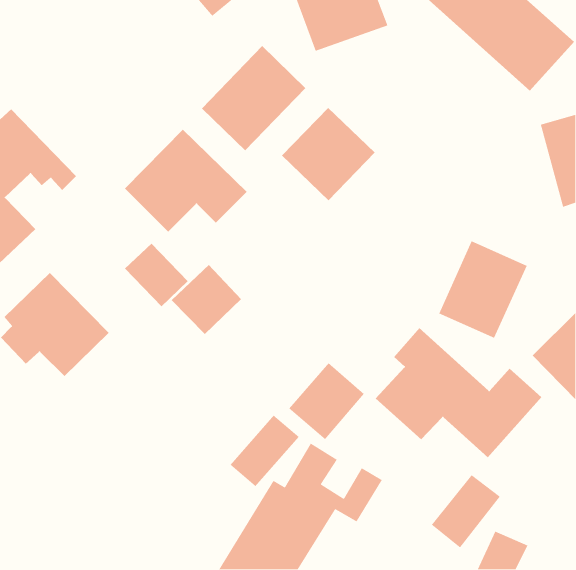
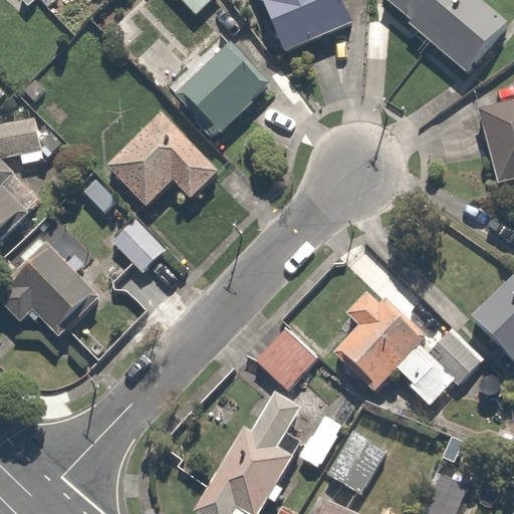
building: [281,107,376,201] -> none
building: [438,240,528,339] -> none
building: [171,264,242,335] -> none
building: [229,414,300,487] -> none
building: [431,474,501,549] -> [322,430,384,496]

